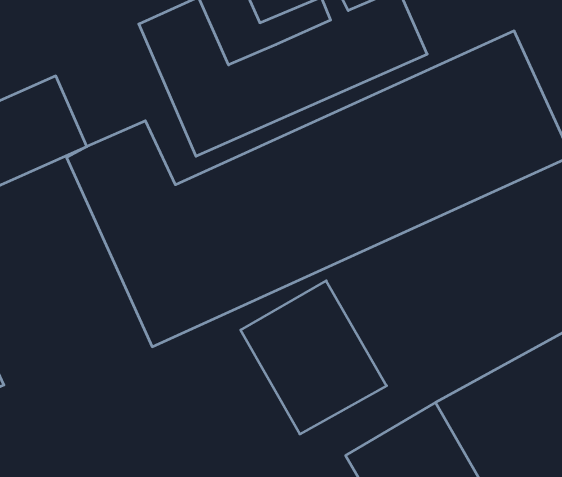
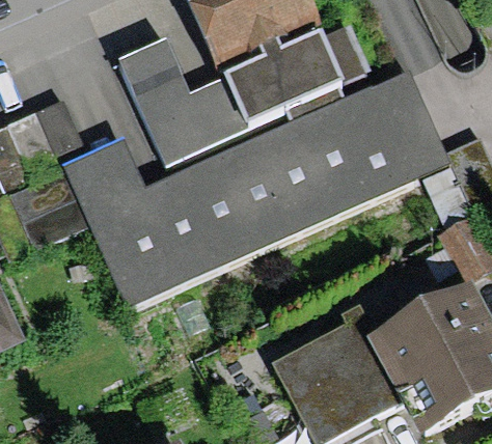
building: [241,281,387,434] -> none

